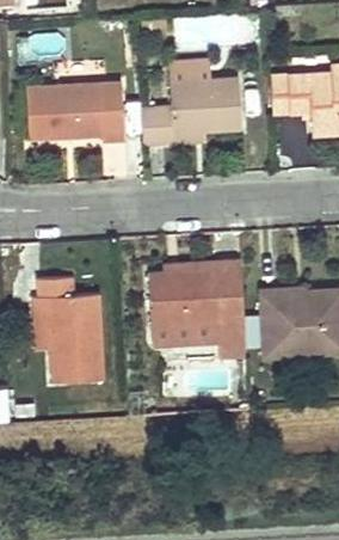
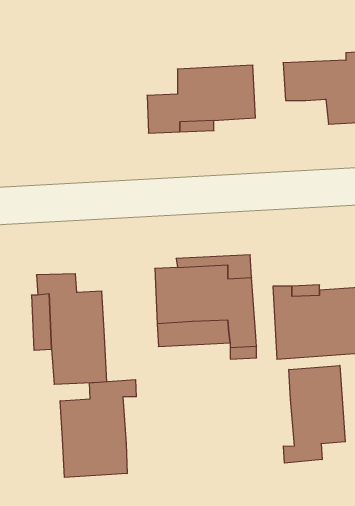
building: [25,81,125,141] -> none
building: none -> [283,365,345,463]
building: none -> [60,380,136,477]

